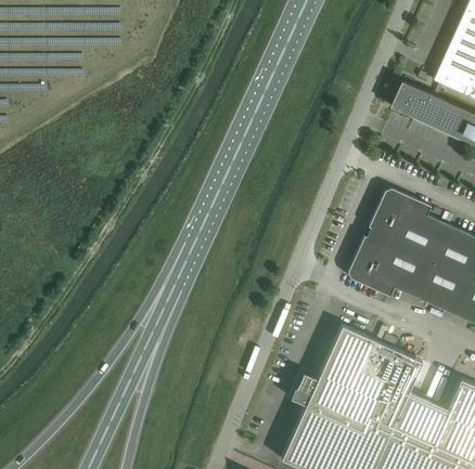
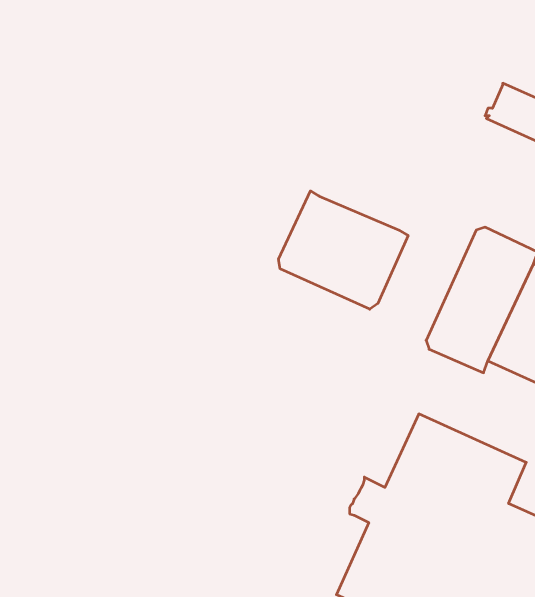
building: none -> [279,191,408,309]

